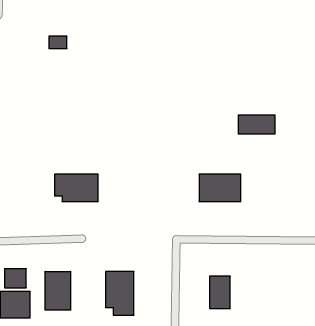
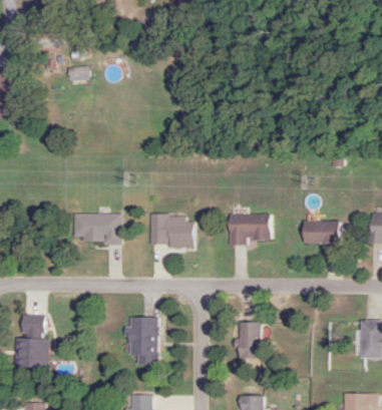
building: [238,115,275,134] -> [302,222,341,242]
building: none -> [150,215,195,248]
building: [45,271,71,310] -> none

